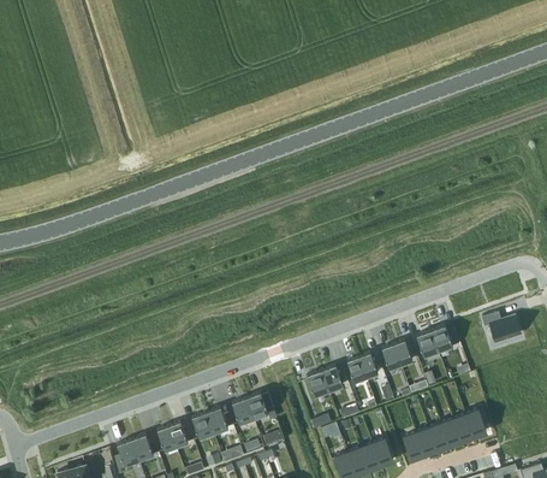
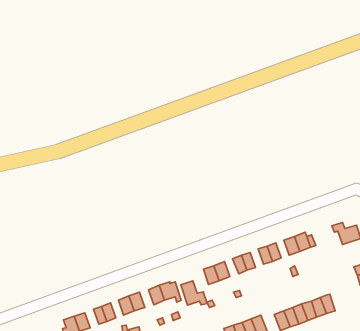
building: none -> [181,281,207,305]

